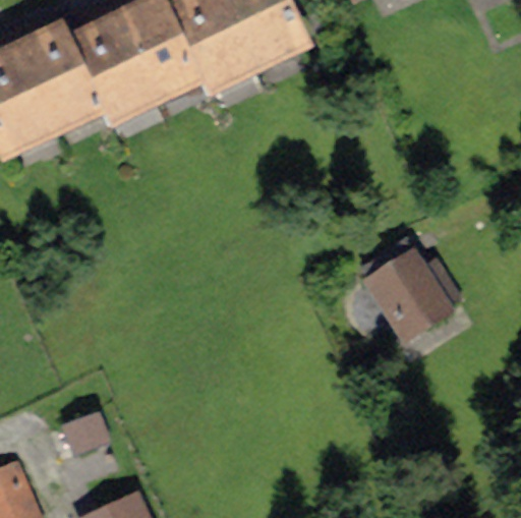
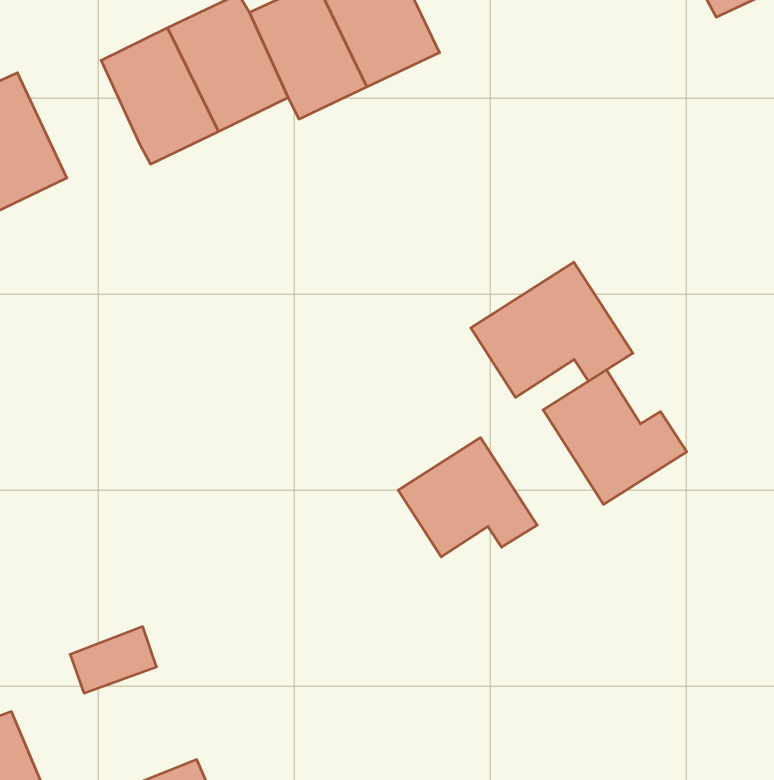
building: [18,28,99,120] -> none
building: none -> [471,262,633,397]
building: none -> [398,438,537,557]

